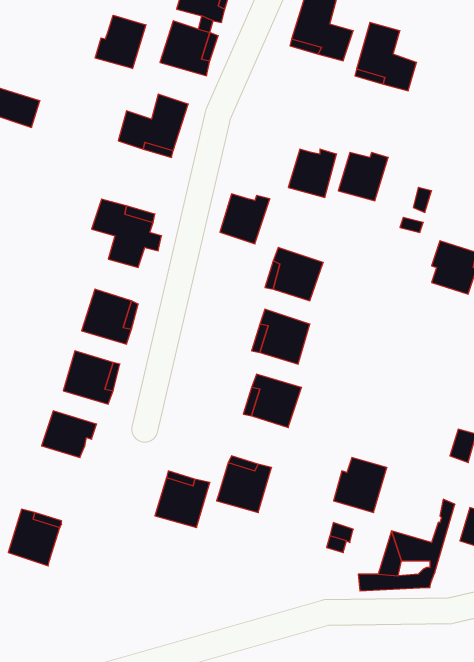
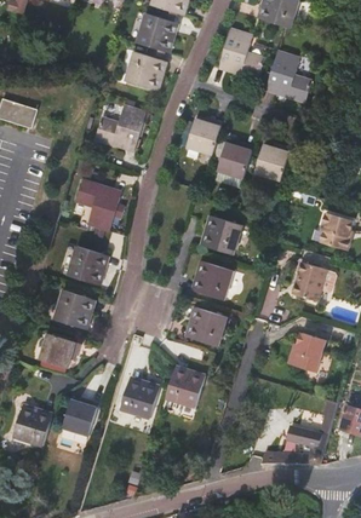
building: [95,15,146,69] -> none
building: [220,194,270,244] -> [185,120,222,156]
building: none -> [293,260,337,300]
building: [334,458,387,513] -> [288,332,327,372]
building: none -> [62,401,97,437]

